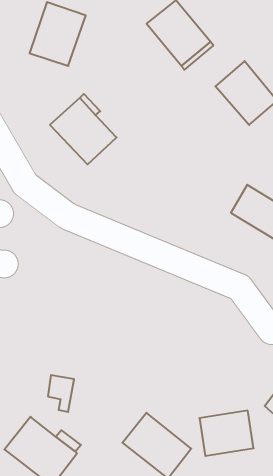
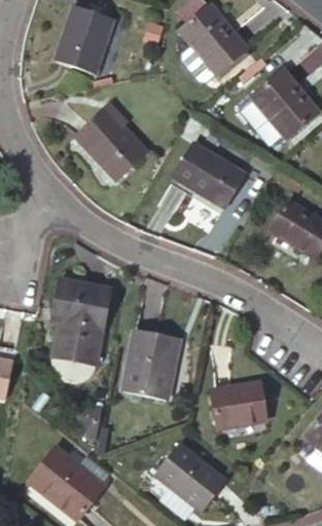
building: none -> [173,144,243,206]
building: none -> [51,279,110,365]
building: none -> [123,329,179,401]
building: [199,411,254,456] -> [210,381,267,429]

